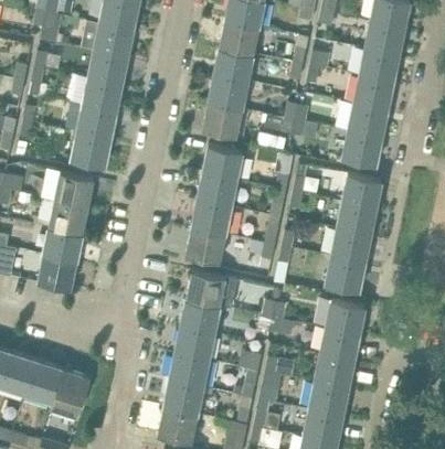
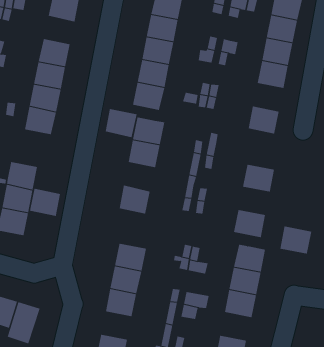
building: [94,23,133,57] -> none
building: [348,105,386,139] -> none
building: [54,172,93,206] -> [29,188,61,216]
building: [341,174,381,210] -> none
building: [191,201,231,236] -> [105,109,137,138]
building: [330,231,370,265] -> [279,226,312,254]
building: [186,271,234,308] -> none
building: [163,382,202,416] -> none
building: [308,383,348,417] -> none

